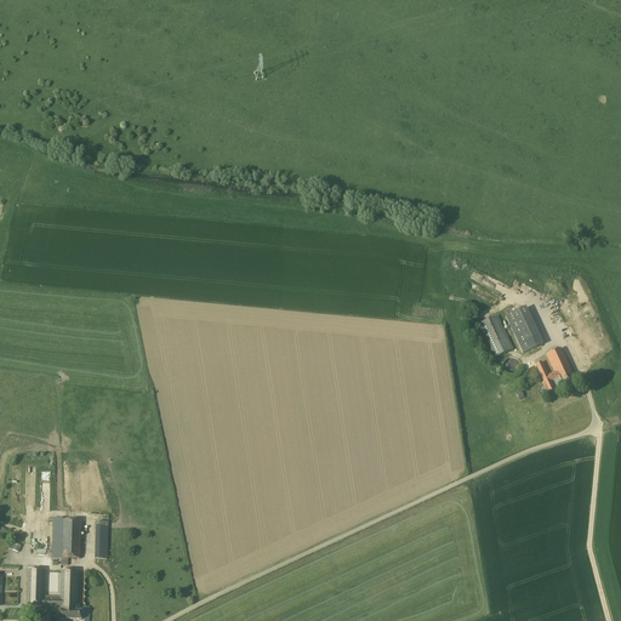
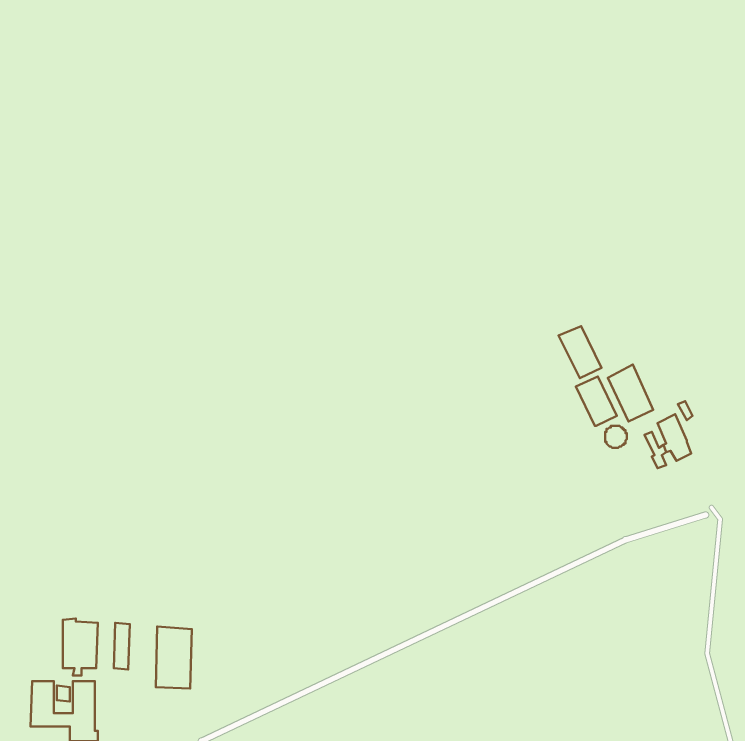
building: none -> [559,326,601,378]
building: none -> [156,626,192,689]

